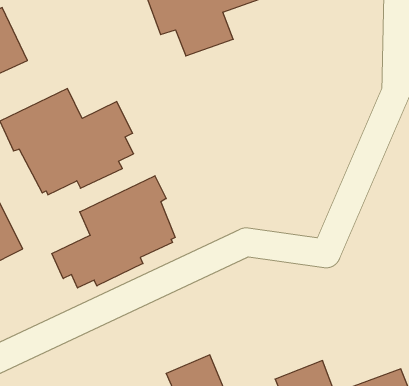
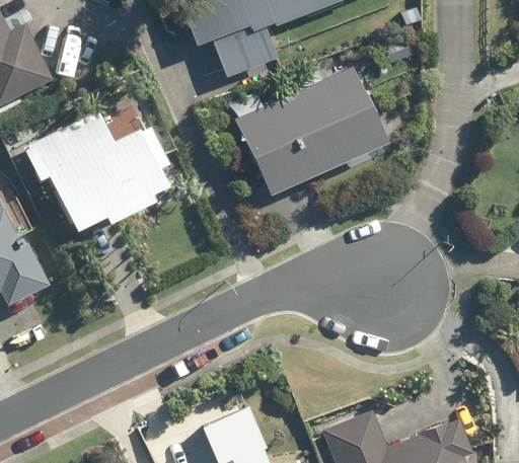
building: none -> [240,72,387,196]
building: [52,176,175,288] -> none

